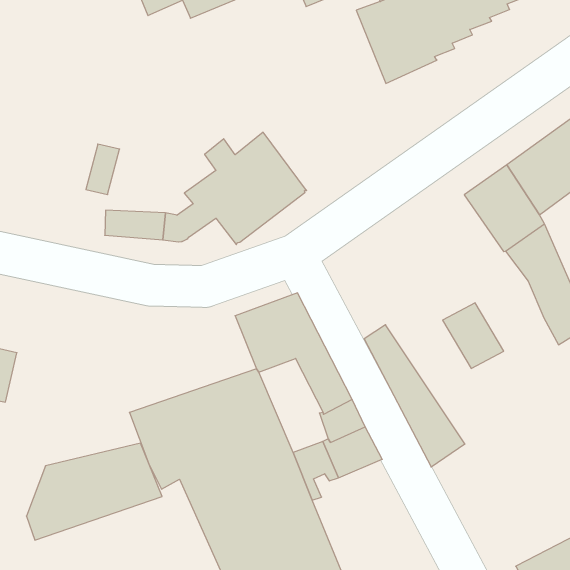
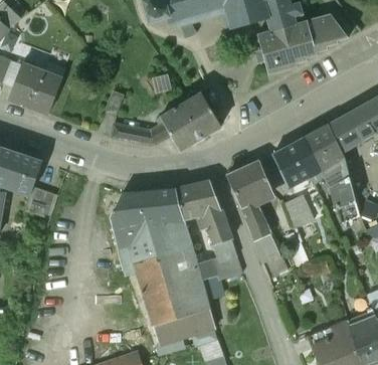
building: none -> [272,137,320,186]
building: none -> [226,159,271,206]
building: [26,443,162,540] -> [111,186,183,230]

